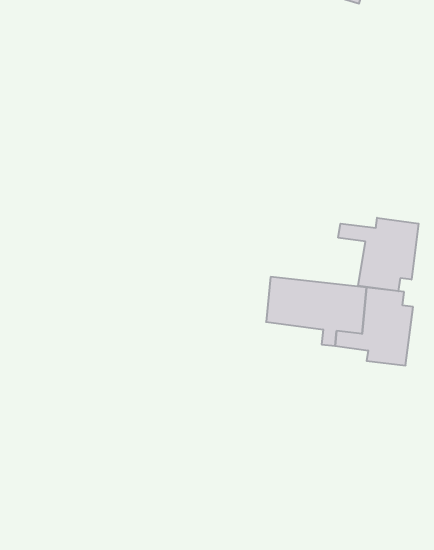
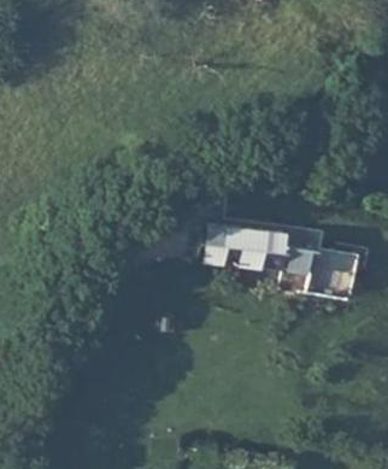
building: [338,218,419,291] -> none

